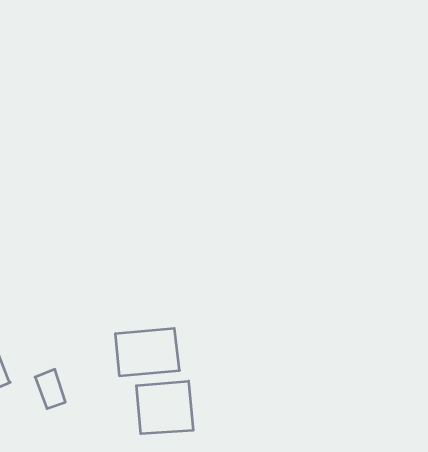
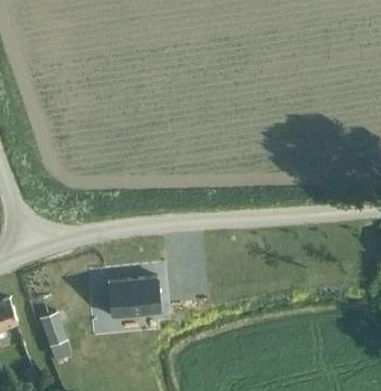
building: [136,381,193,434] -> none

